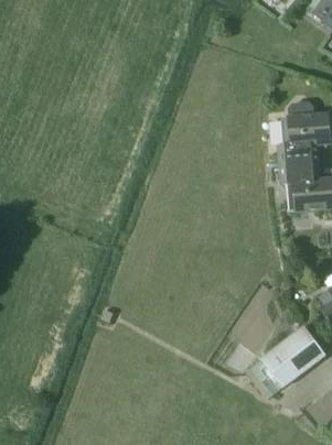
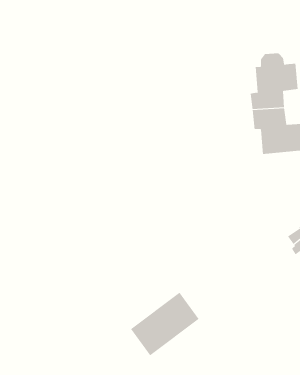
building: [250,326,324,394] -> [130,292,199,356]

